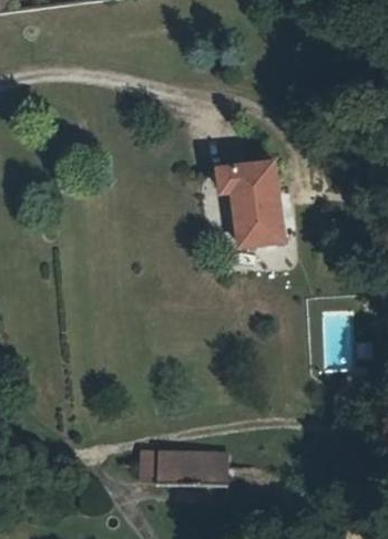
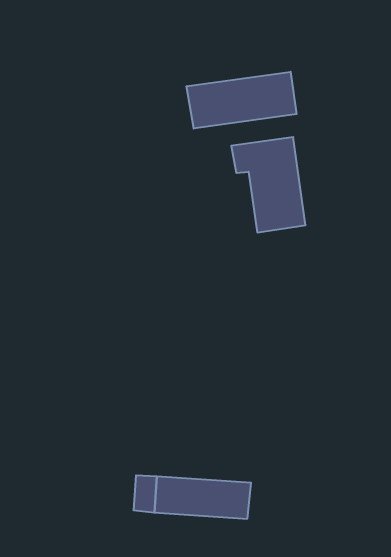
building: none -> [186,72,297,129]

